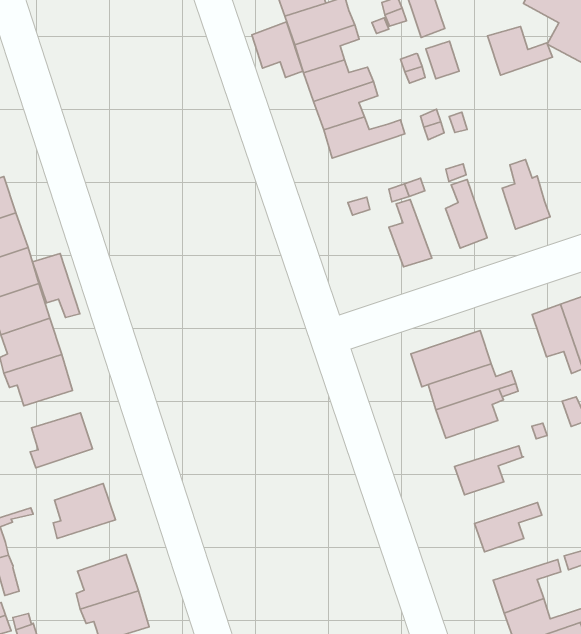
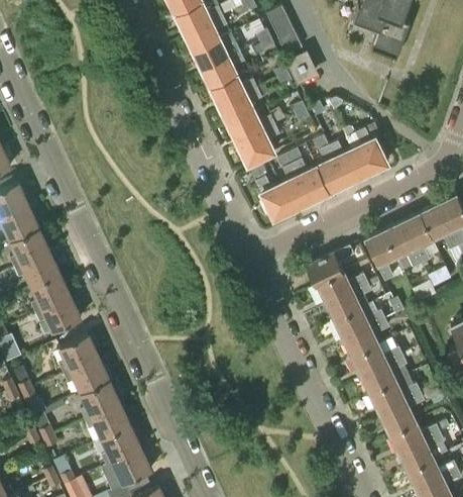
building: [252,22,303,78] -> none
building: [487,27,552,75] -> none
building: none -> [236,125,279,166]
building: none -> [328,141,364,184]
building: none -> [292,160,329,202]
building: none -> [255,177,293,220]
building: [32,254,80,317] -> none
building: none -> [363,231,395,282]
building: none -> [335,309,384,339]
building: none -> [64,358,110,395]
building: none -> [352,338,401,376]
building: none -> [84,403,131,440]
building: none -> [370,382,420,412]

